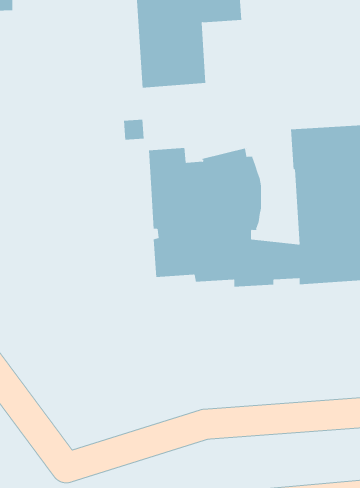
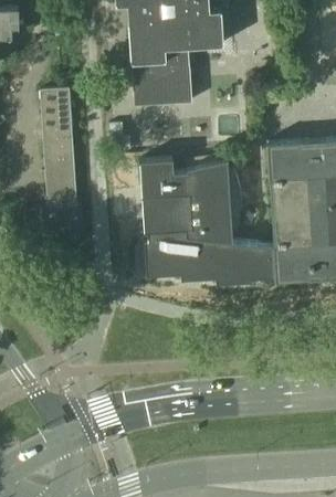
building: none -> [27,89,85,239]

